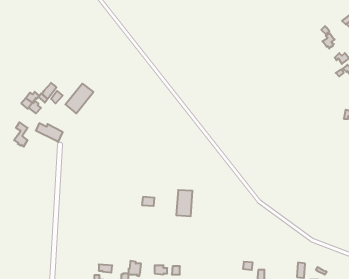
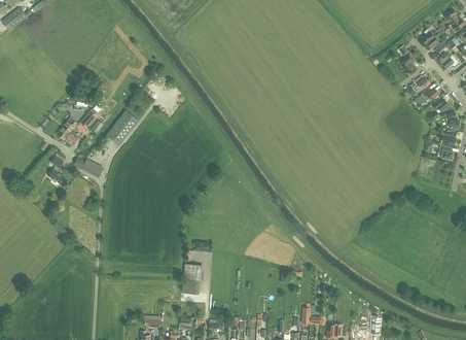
building: [176,190,193,216] -> [181,264,200,294]

